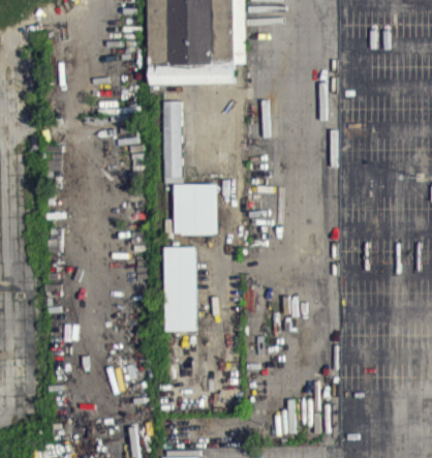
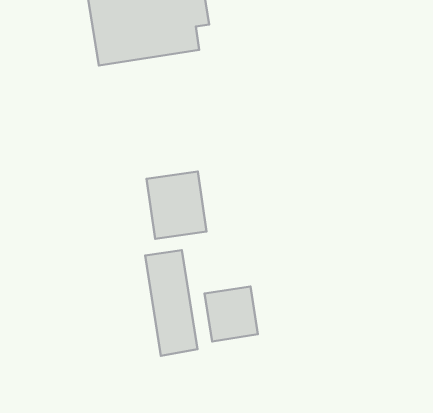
building: [162,100,180,177] -> none
building: none -> [205,286,258,342]

